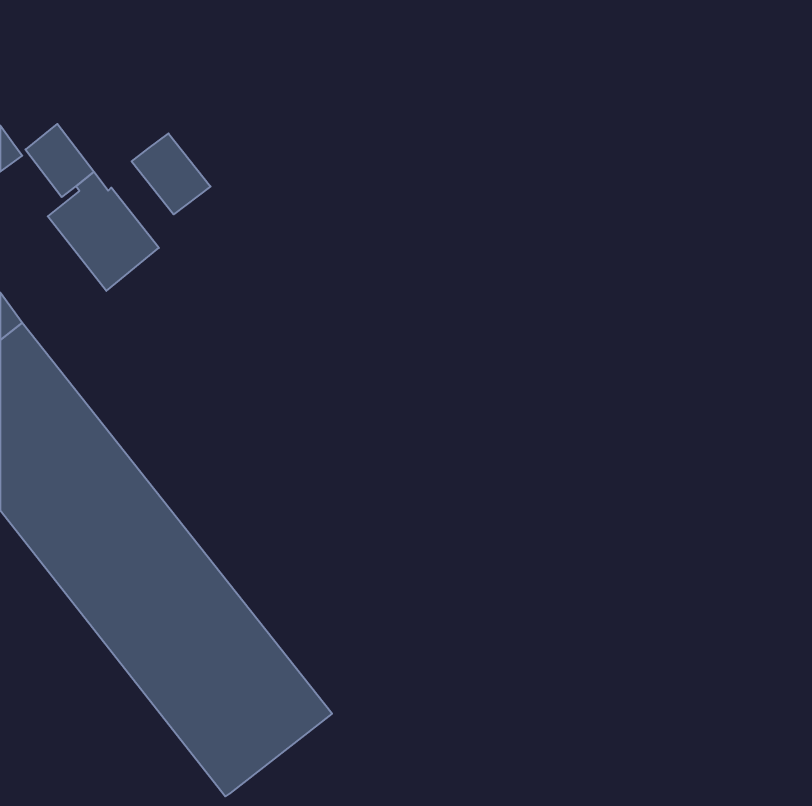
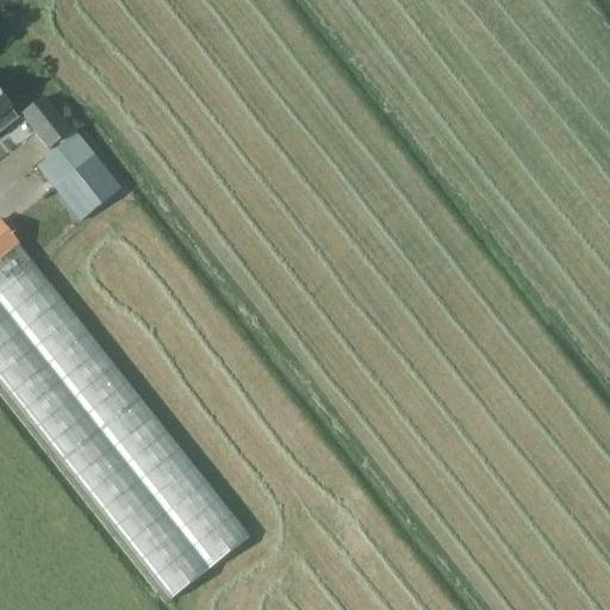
building: [132,133,211,214] -> none

